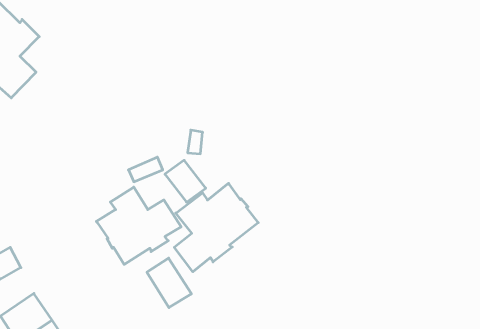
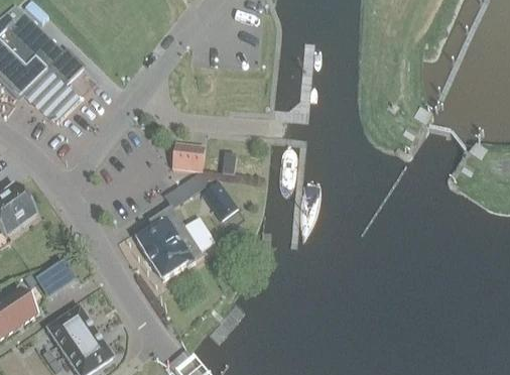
building: none -> [171,148,204,170]
building: [174,183,258,272] -> none
building: [147,258,191,308] -> none

